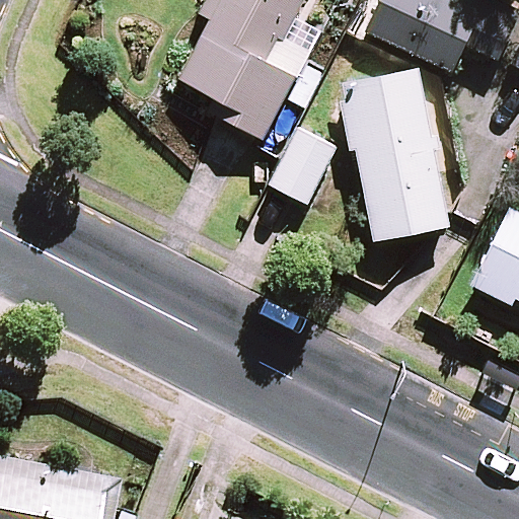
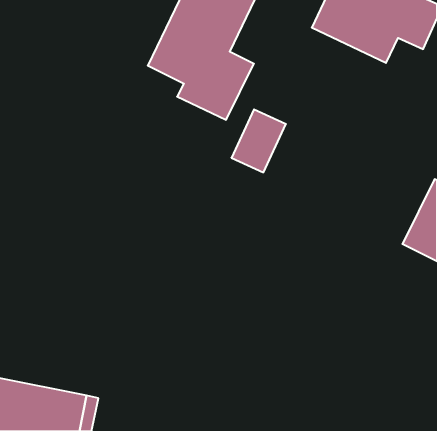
building: [340,70,451,242] -> none

